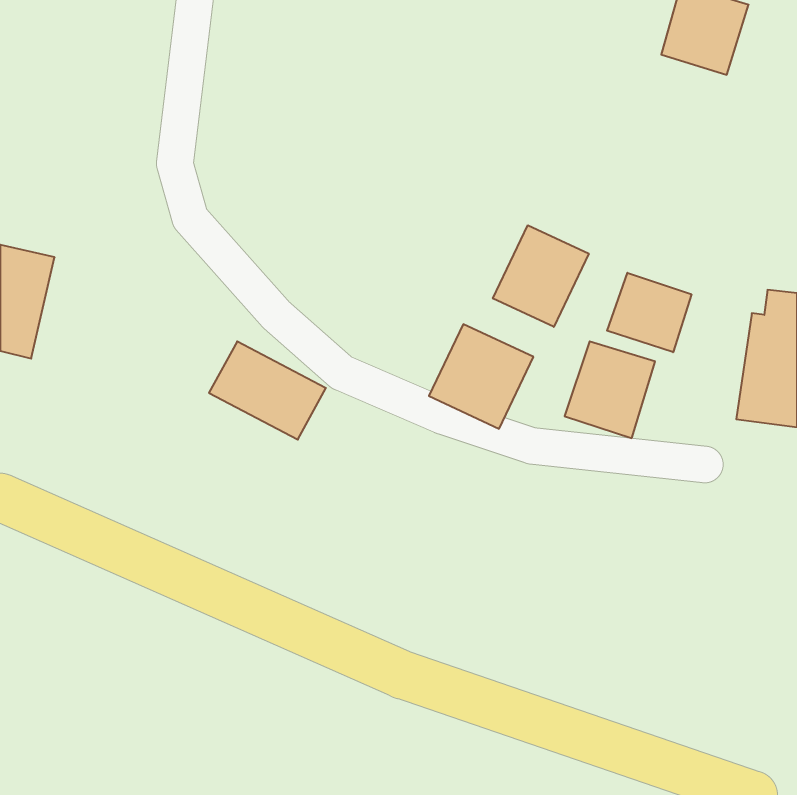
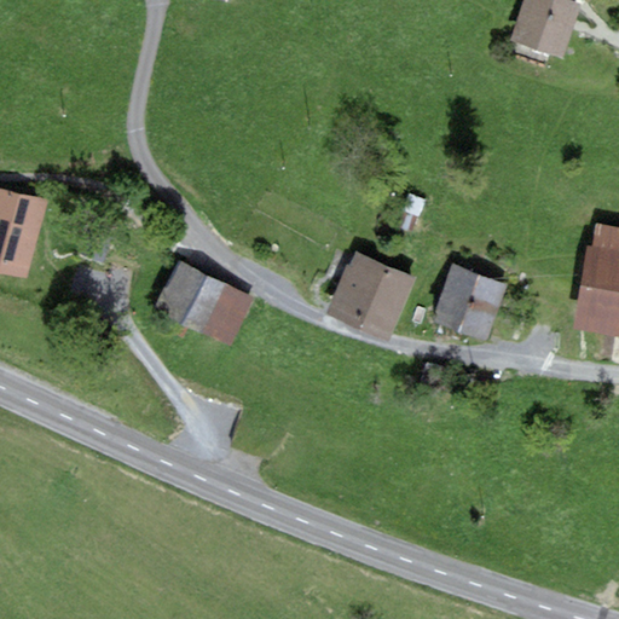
building: [493,225,589,327] -> none
building: [607,273,691,352] -> none

